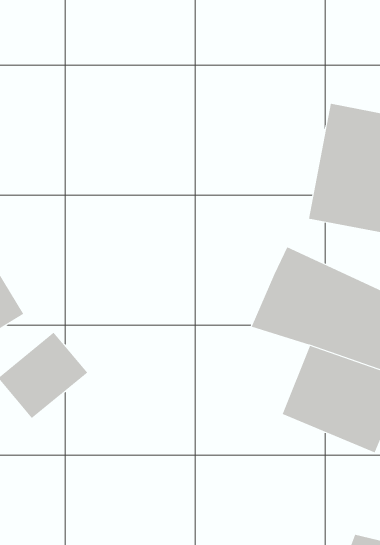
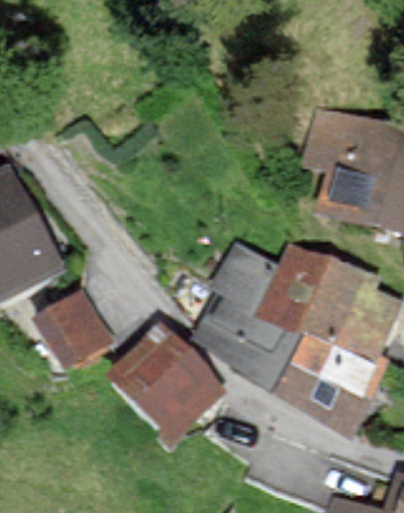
building: none -> [199,239,306,383]
building: none -> [115,319,224,429]

